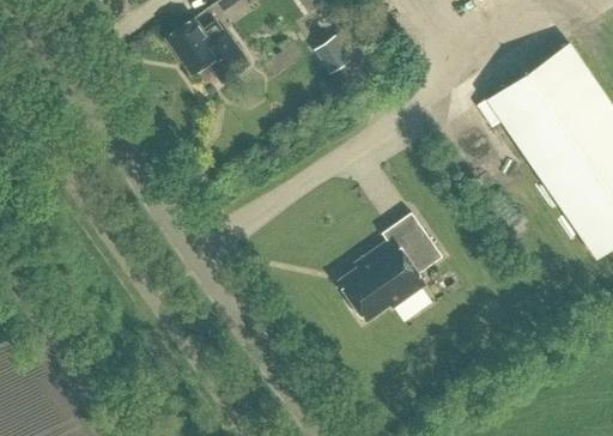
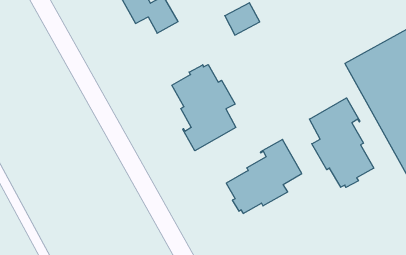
building: none -> [172,65,236,151]
building: none -> [309,98,374,187]

